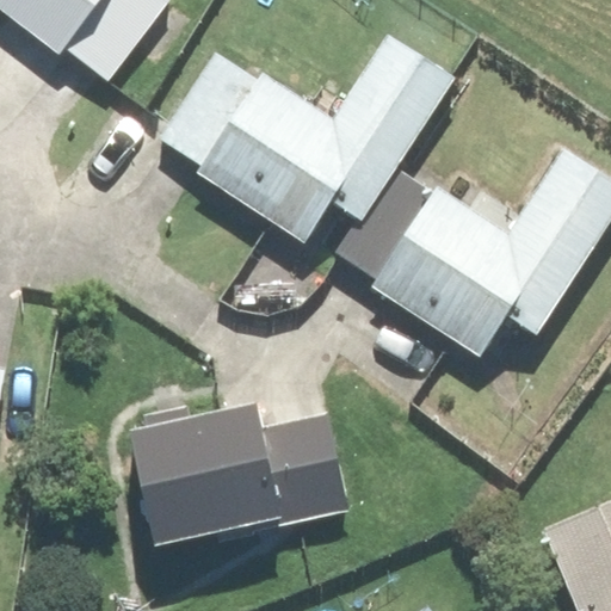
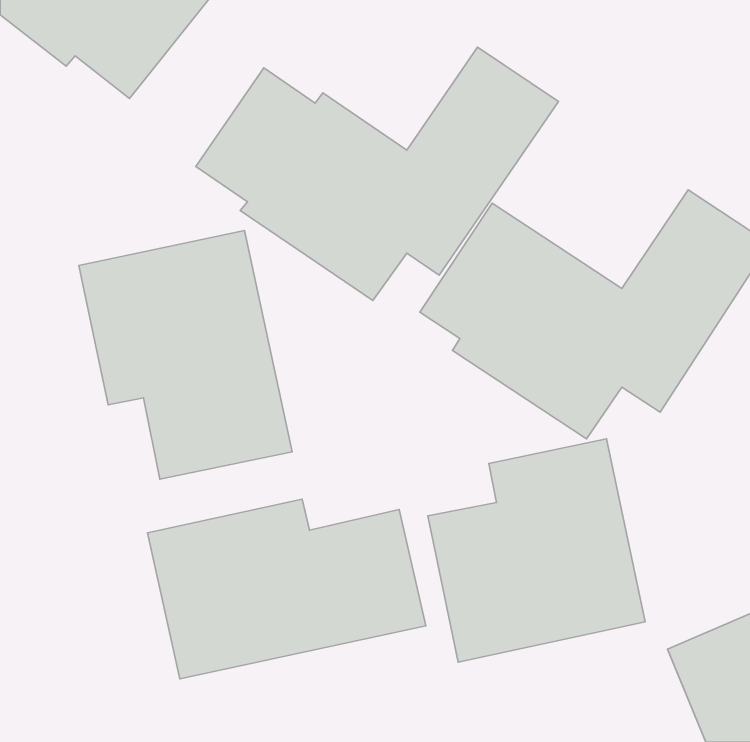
building: none -> [79,231,292,479]
building: none -> [428,439,645,662]

